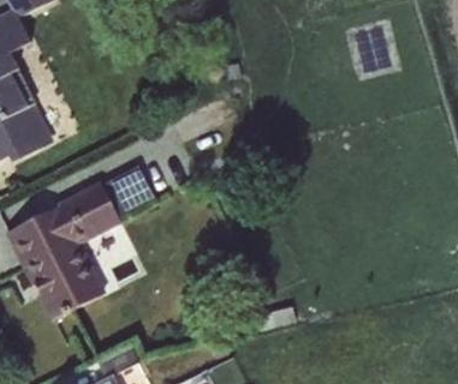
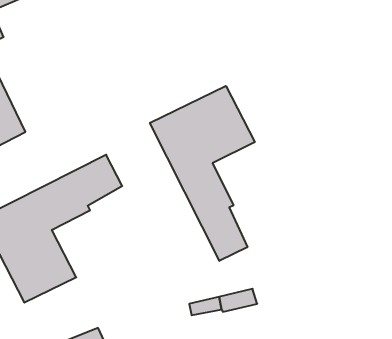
building: none -> [150,86,255,261]

